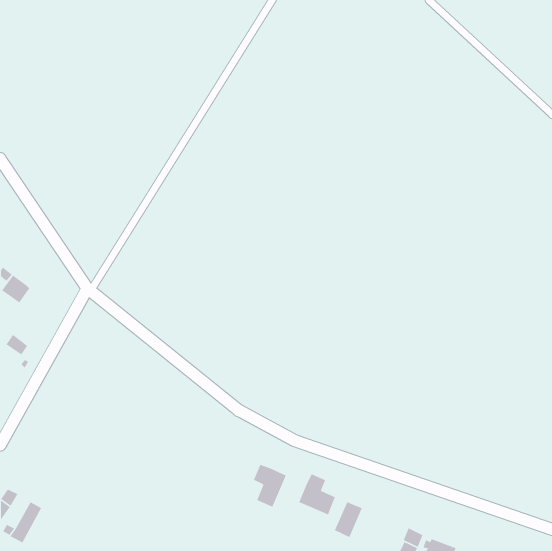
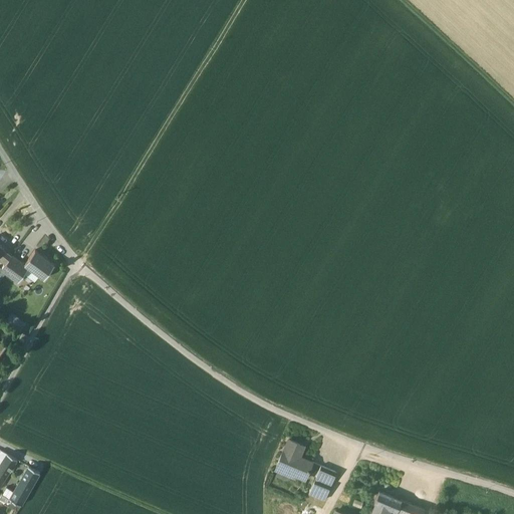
building: none -> [24,251,54,280]
building: [253,464,287,508] -> none

